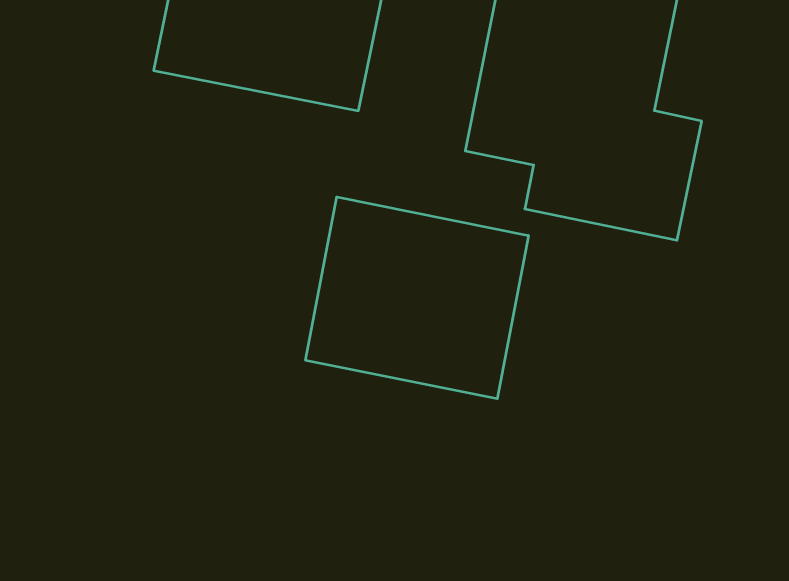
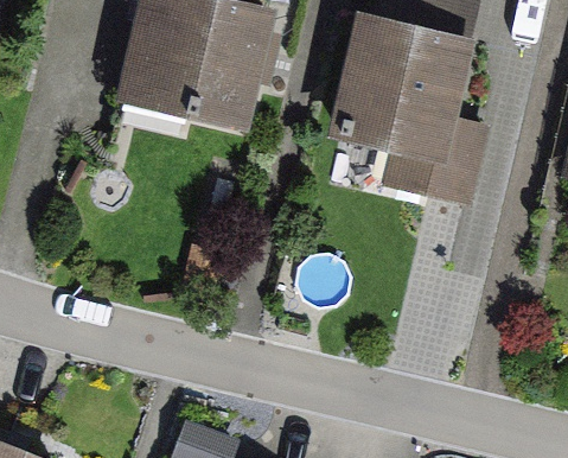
building: [306,197,528,399] -> none

